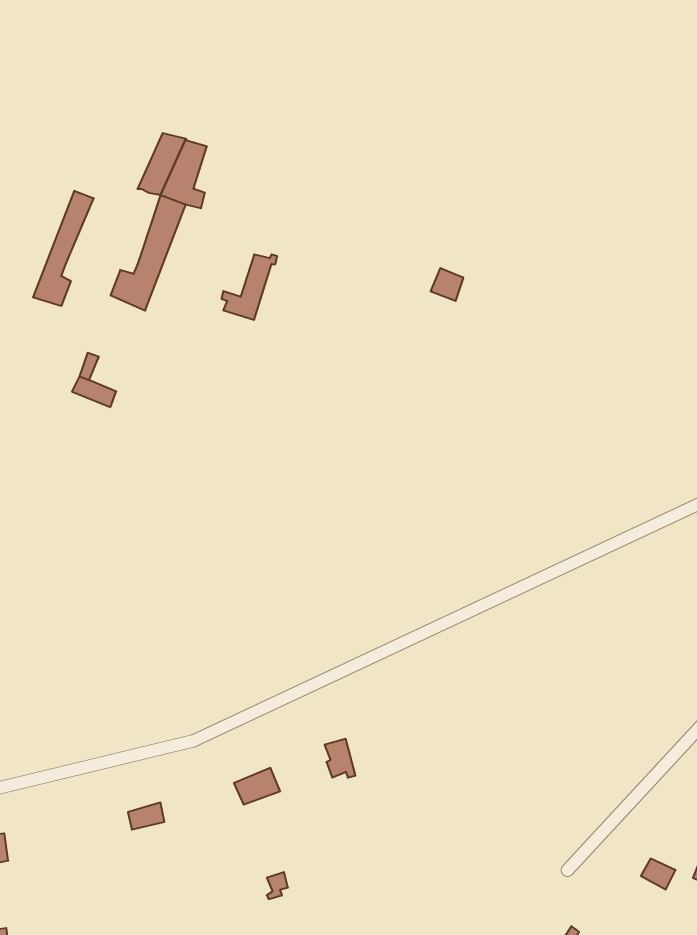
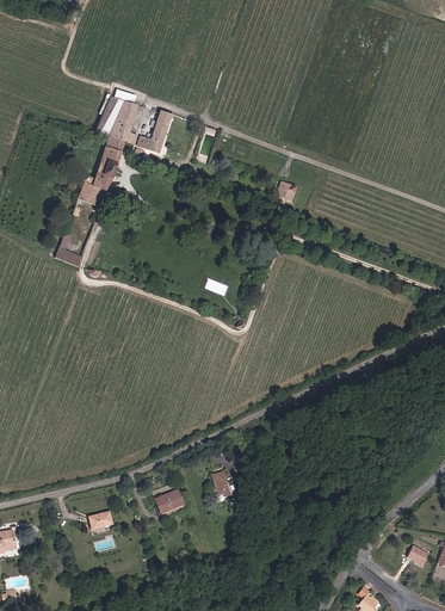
building: [33,191,94,306] -> none
building: [221,254,277,320] -> [140,112,174,153]

